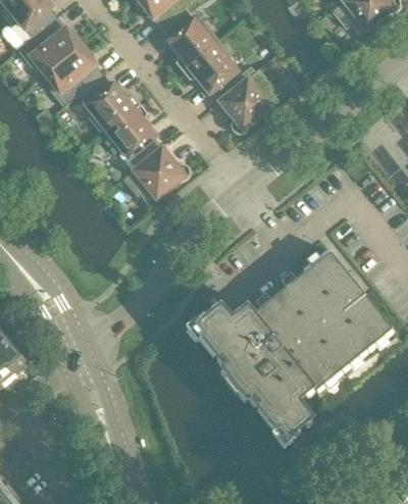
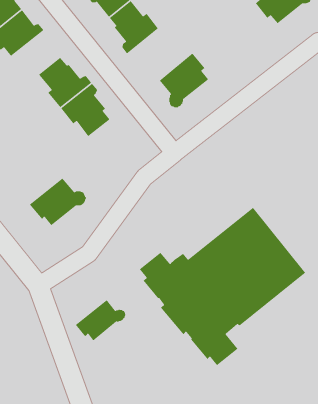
building: [180,39,257,100] -> none
building: [43,41,101,104] -> none
building: [120,146,189,203] -> [29,178,87,226]
building: none -> [75,299,126,341]

